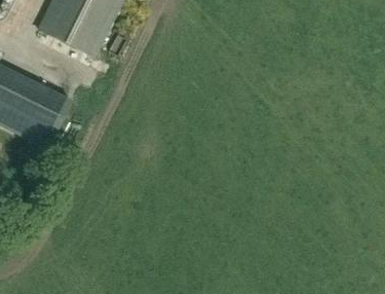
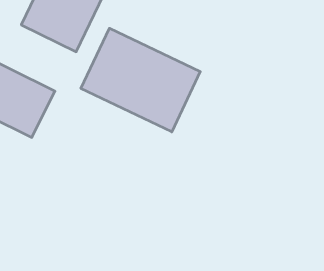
building: none -> [81,28,200,132]

